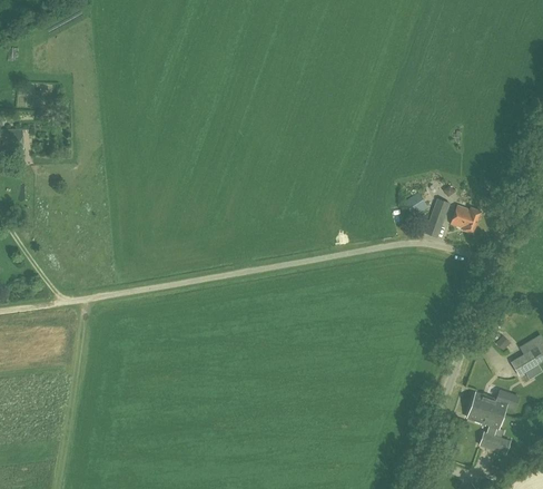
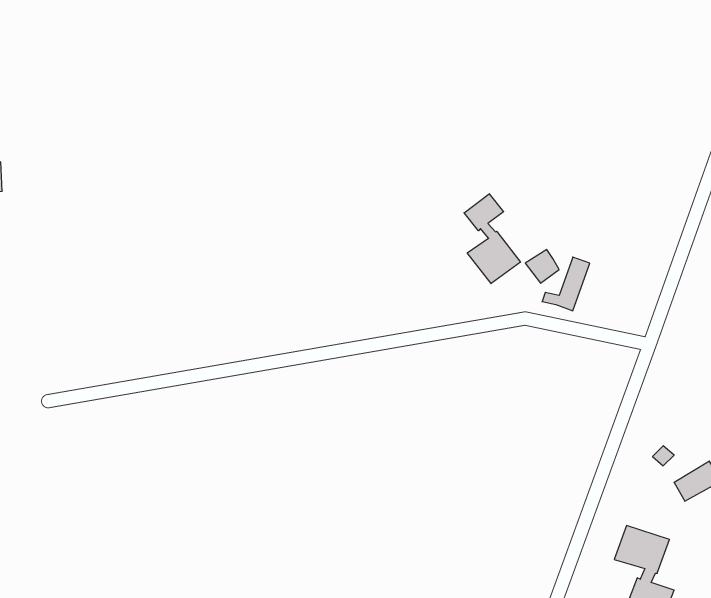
building: none -> [464,194,521,284]
building: [451,204,481,232] -> none

